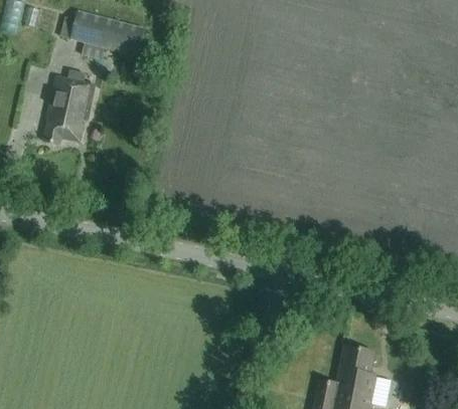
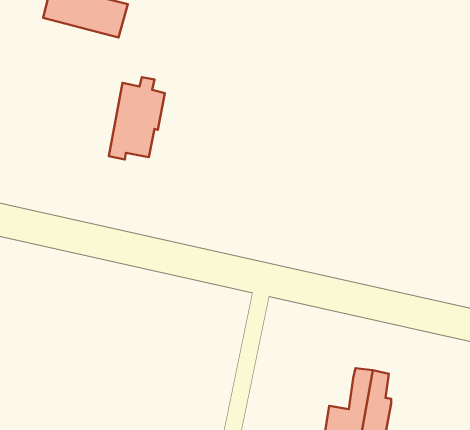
building: [44,70,94,143] -> [109,77,165,160]

